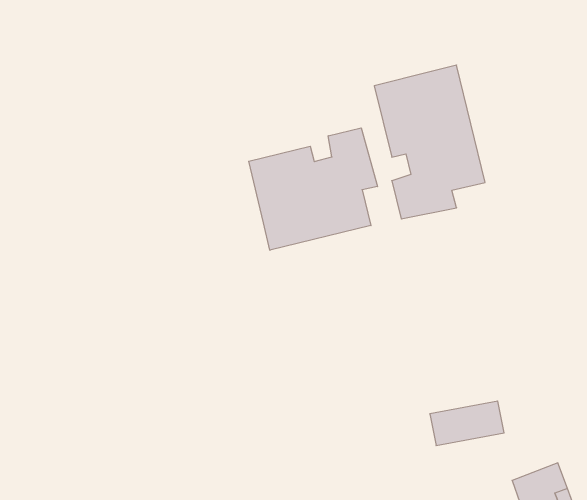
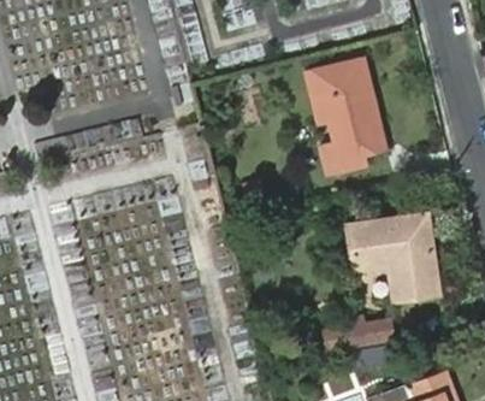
building: [249,128,377,250] -> none
building: none -> [348,212,439,299]

